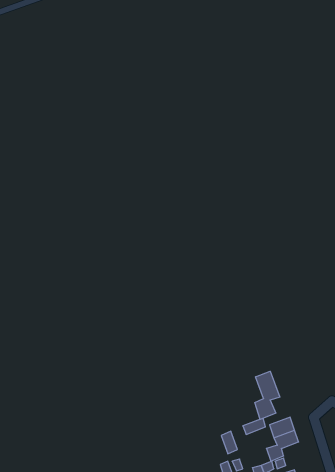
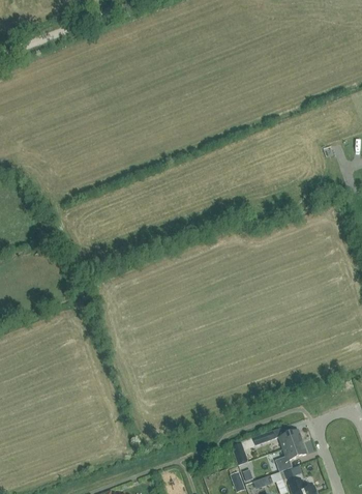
building: [255,371,280,419] -> none

